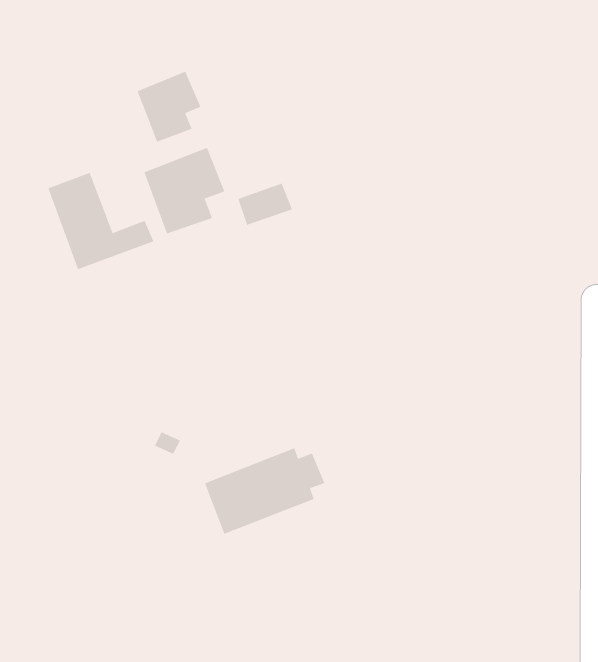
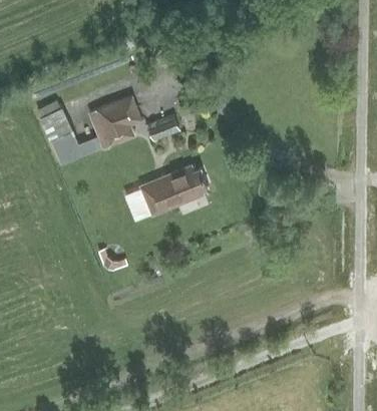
building: [137,71,201,143] -> none
building: [204,447,325,535] -> [140,165,209,215]

